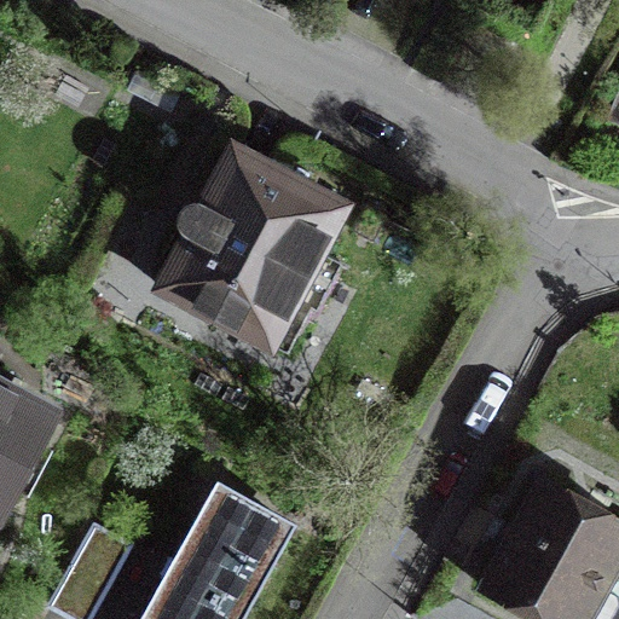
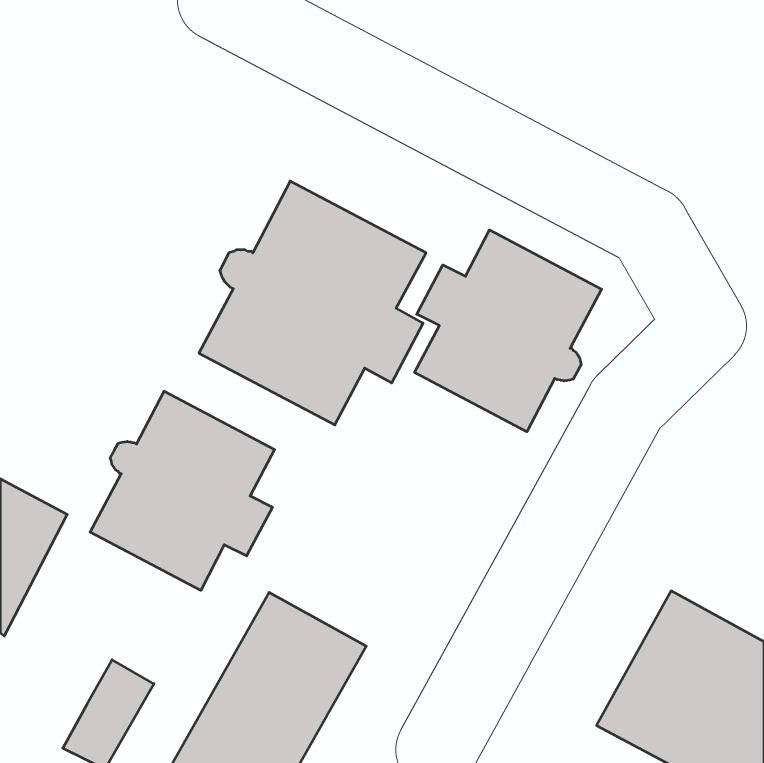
building: none -> [415,230,602,432]
building: none -> [90,391,275,590]

